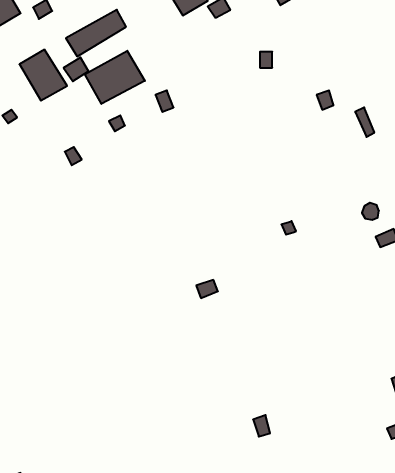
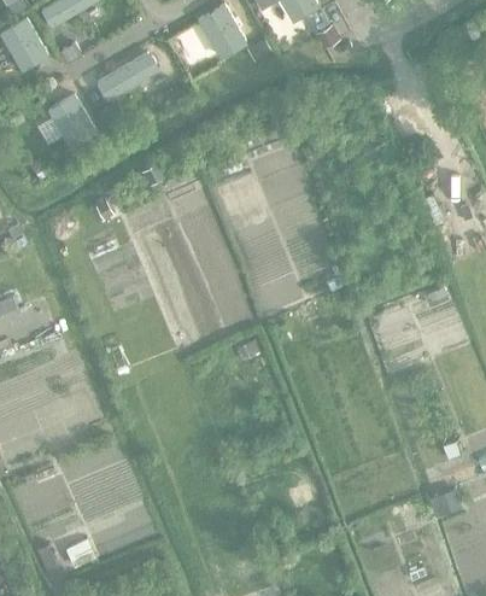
building: [85,51,145,104] -> none

